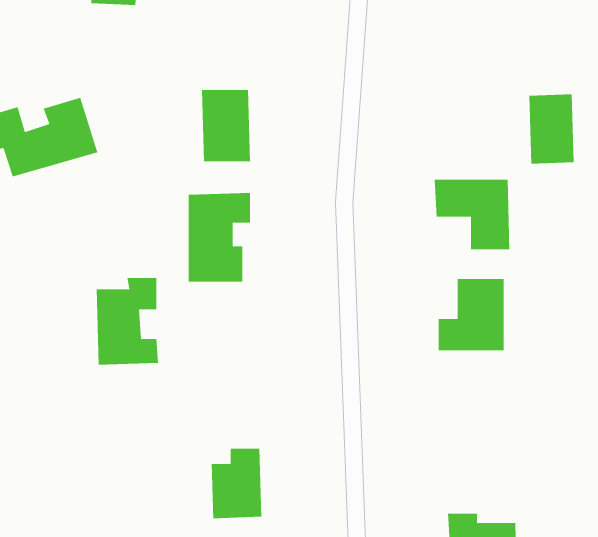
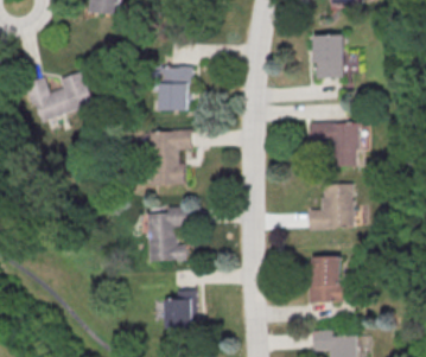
building: [529,94,574,164] -> [310,34,338,78]
building: [96,277,159,365] -> [150,206,189,261]
building: none -> [311,256,349,302]

